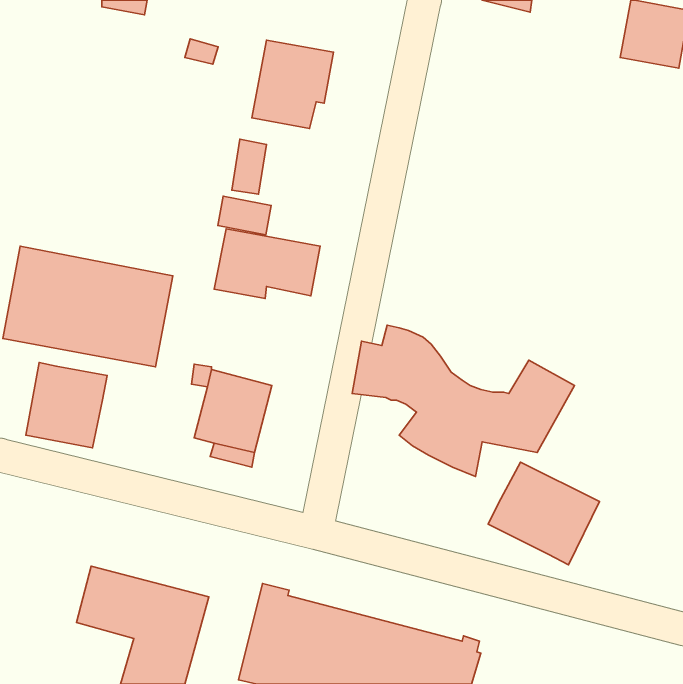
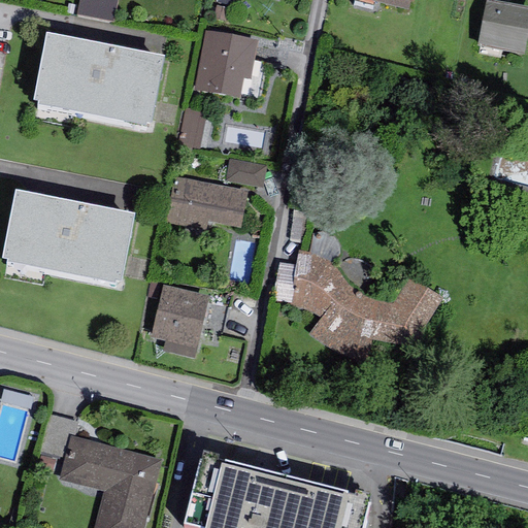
building: none -> [33,32,165,126]
building: [218,196,271,235] -> [226,159,267,189]
building: [26,362,107,448] -> none
building: [488,462,599,565] -> none

